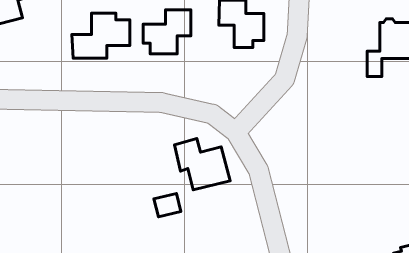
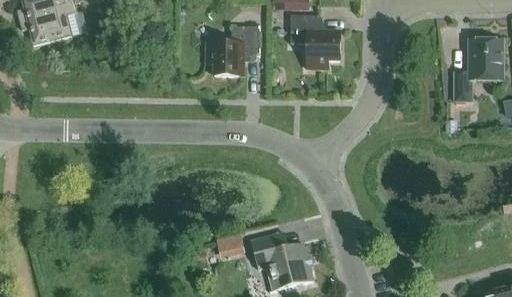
building: [72,13,130,58] -> none
building: [174,139,230,190] -> [251,233,313,290]

